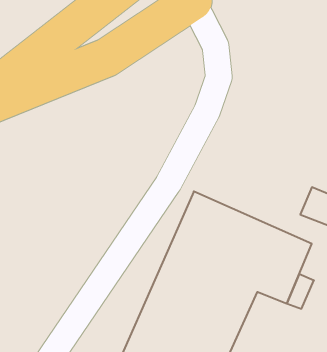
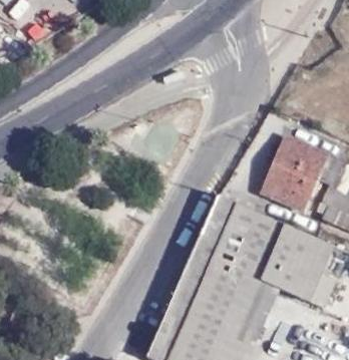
building: none -> [258,134,329,212]

